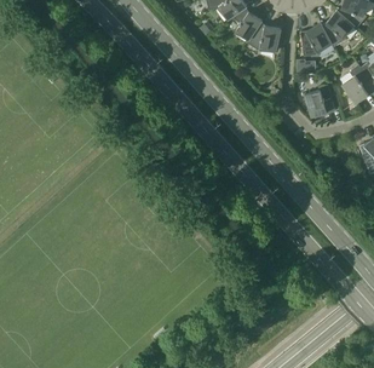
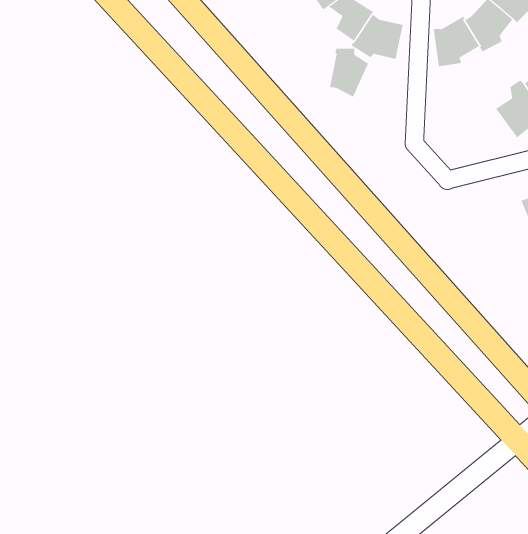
building: none -> [329,48,369,97]
building: [305,84,335,116] -> none

